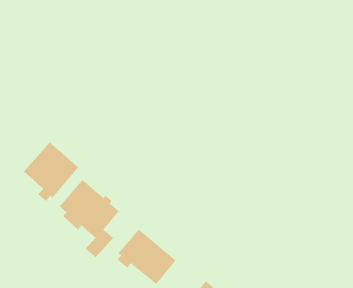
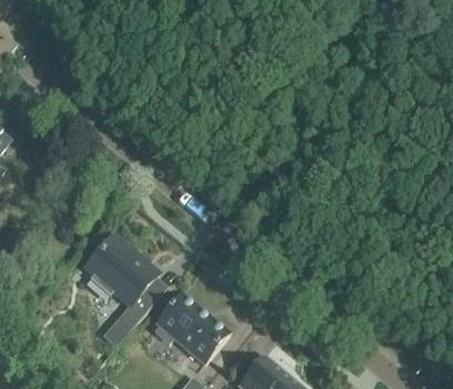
building: [23,141,79,202] -> none

